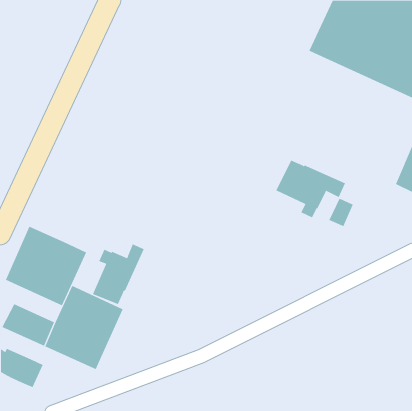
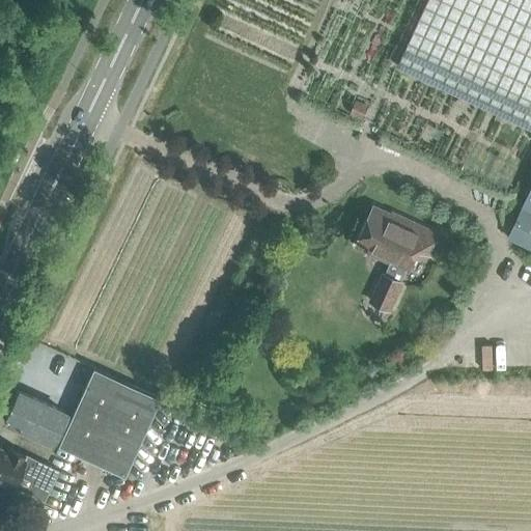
building: [329,198,354,227] -> [371,274,403,311]
building: [5,226,87,306] -> none
building: [92,244,144,305] -> none

